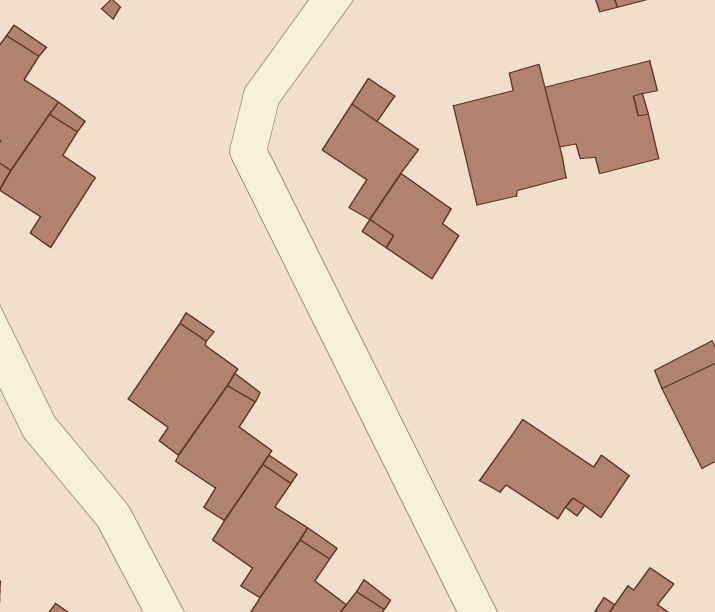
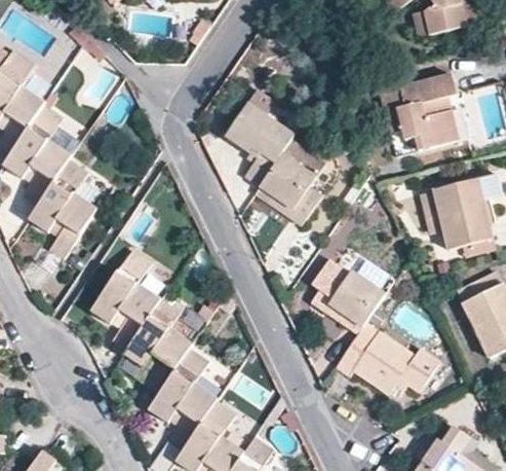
building: [453,64,566,205] -> none
building: none -> [29,158,101,257]
building: none -> [434,180,492,250]
building: none -> [312,258,386,332]

